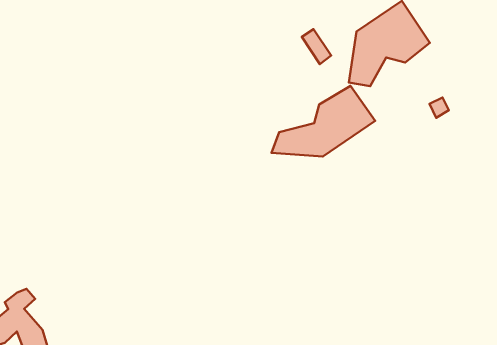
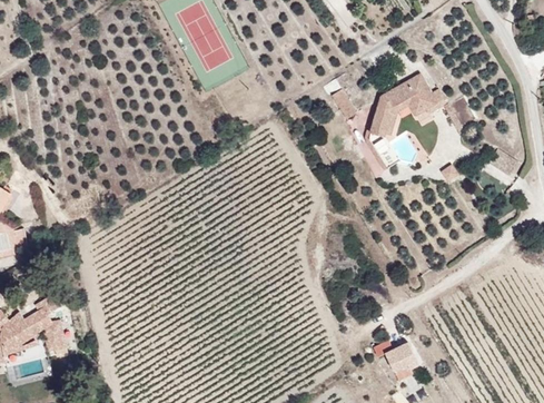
building: [272,86,375,156] -> none
building: none -> [375,344,418,381]

